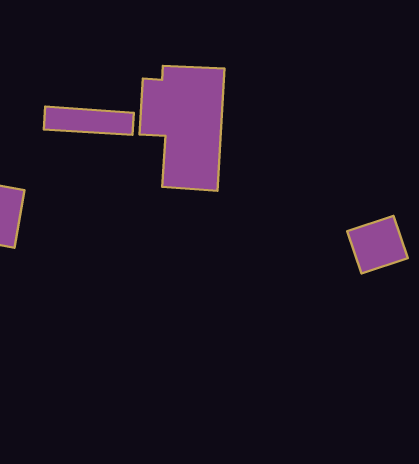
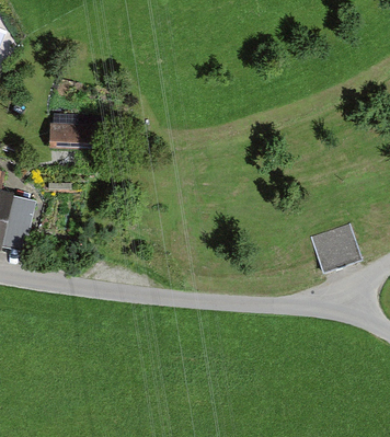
building: [140,66,224,191] -> none

